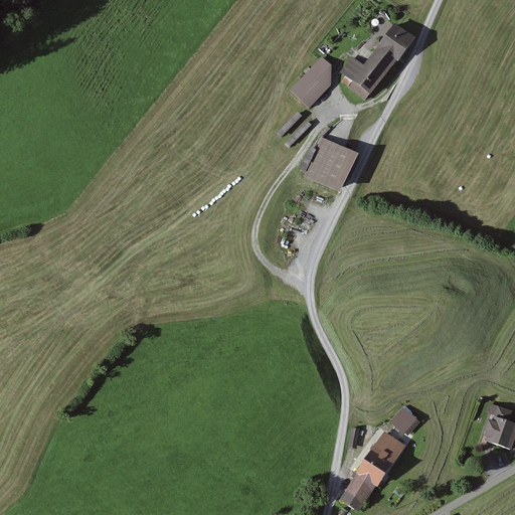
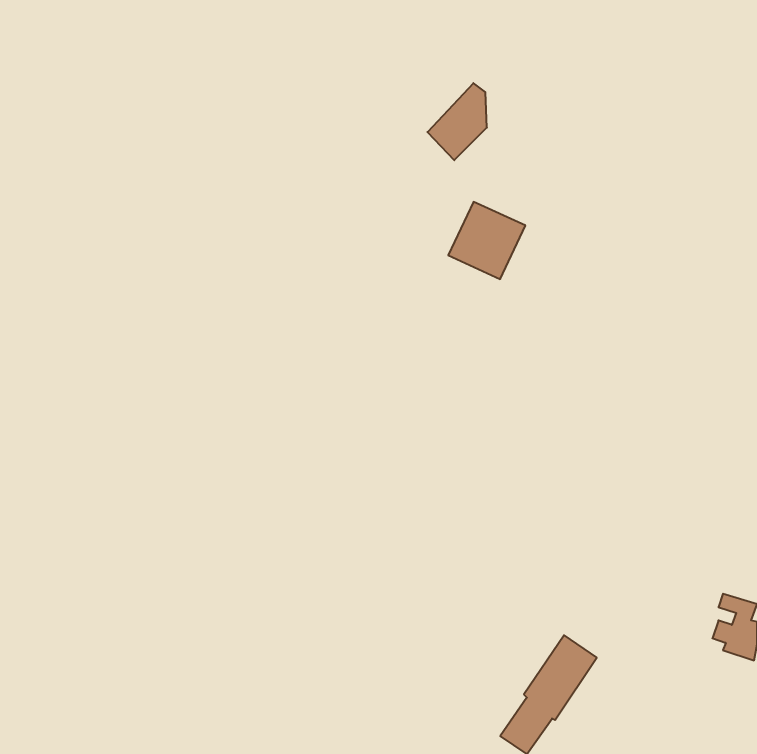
building: [341,23,413,99] -> none
building: [391,407,418,435] -> none

